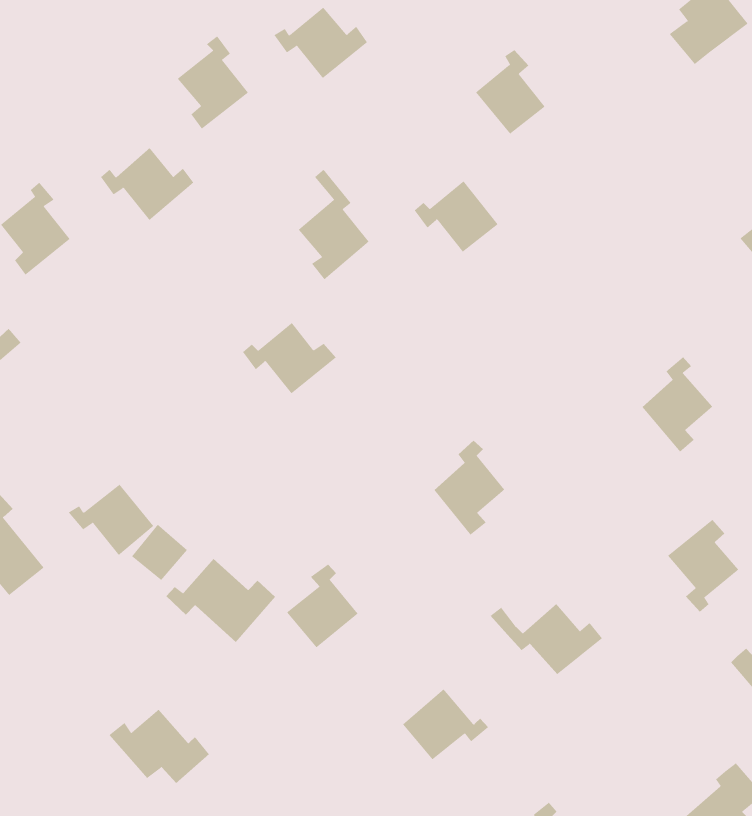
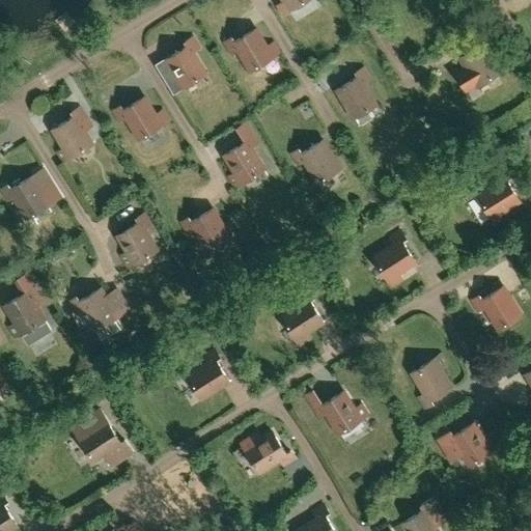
building: none -> [117,215,157,268]
building: [641,357,713,452] -> [373,232,415,287]
building: [166,558,276,643] -> none

